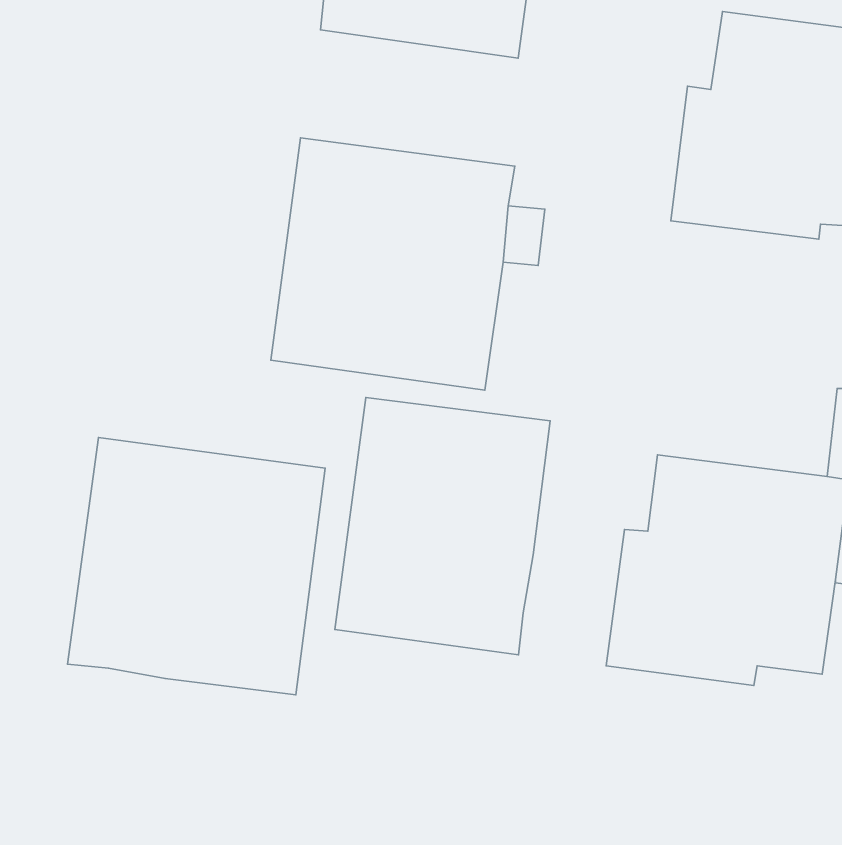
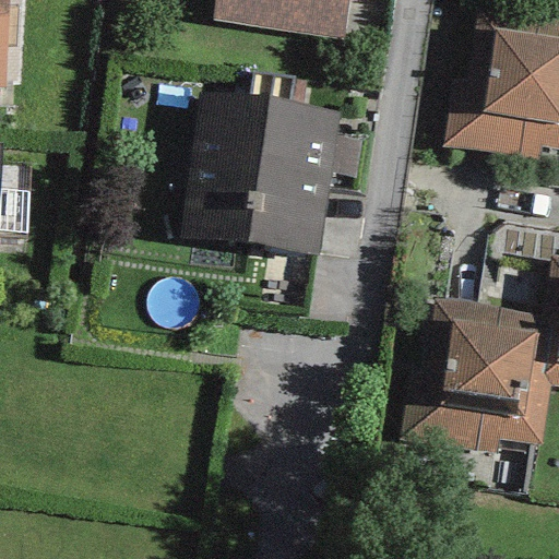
building: [335,397,550,655] -> none
building: [68,438,325,695] -> none

